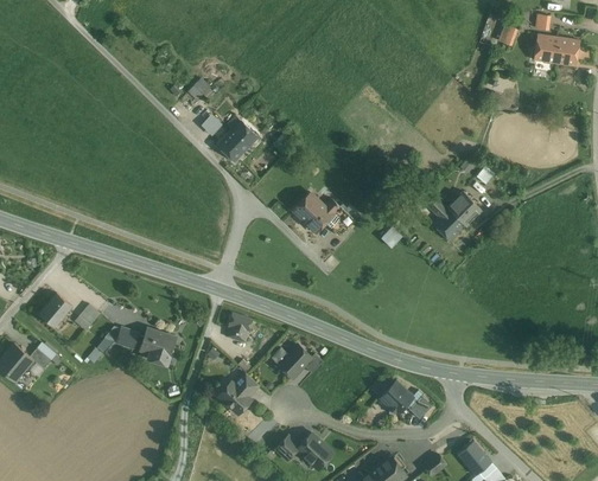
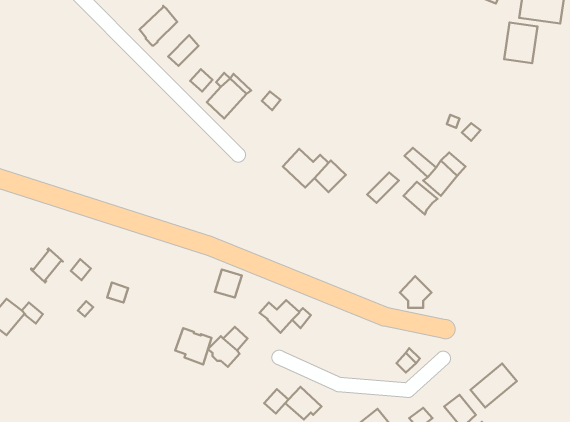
building: none -> [140,6,177,46]
building: none -> [504,23,538,63]
building: none -> [404,182,438,214]
building: [138,327,174,364] -> [175,328,211,365]
building: [380,380,412,412] -> [400,276,431,308]
building: none -> [470,363,517,408]

